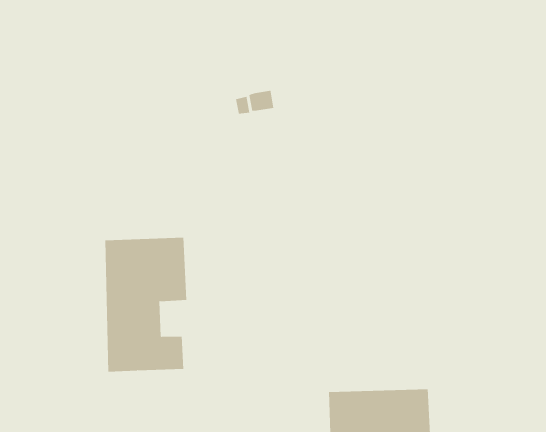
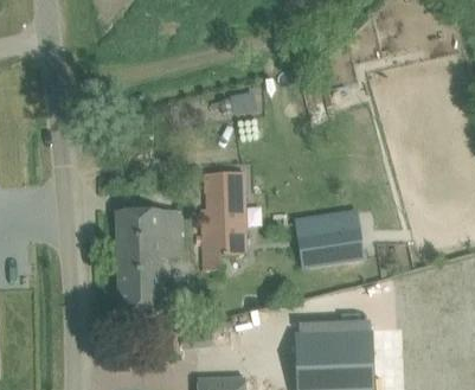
building: none -> [201,170,244,269]
building: none -> [309,220,361,264]

